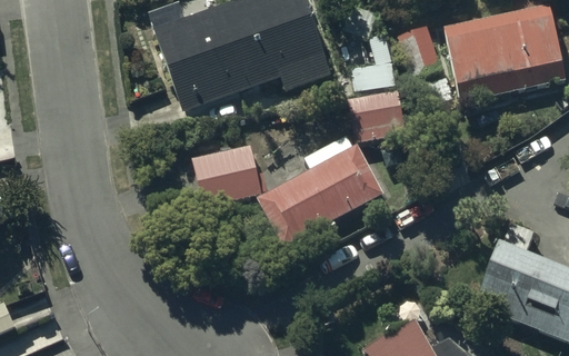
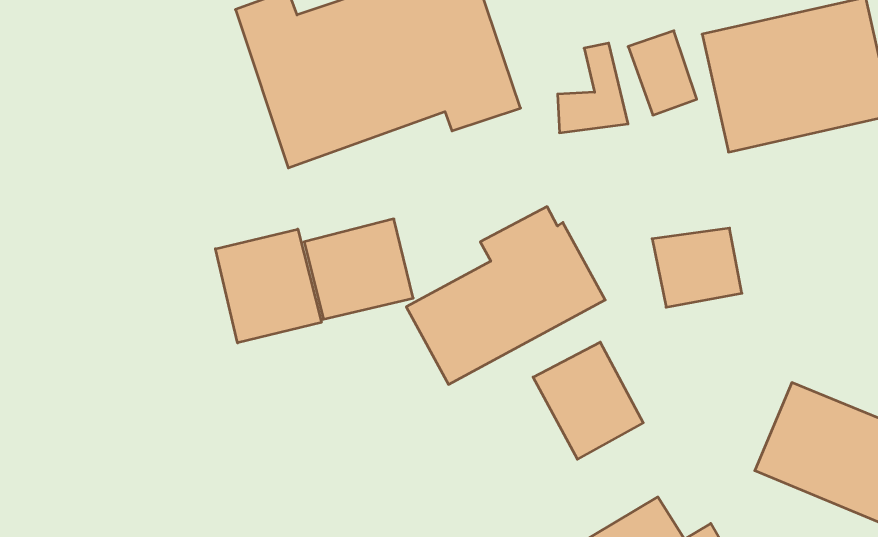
building: [348,90,405,140] -> [652,228,742,307]
building: none -> [215,229,321,343]
building: none -> [533,342,643,459]

